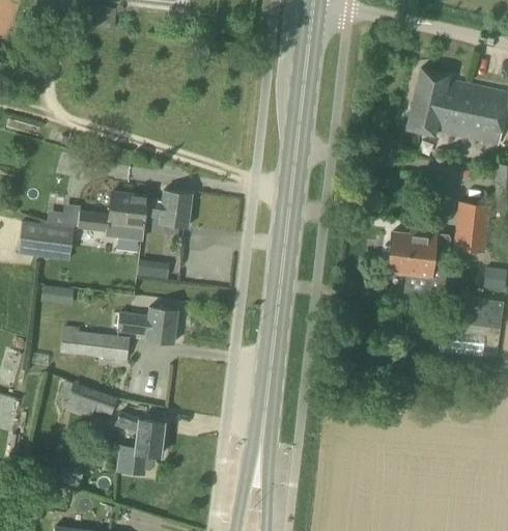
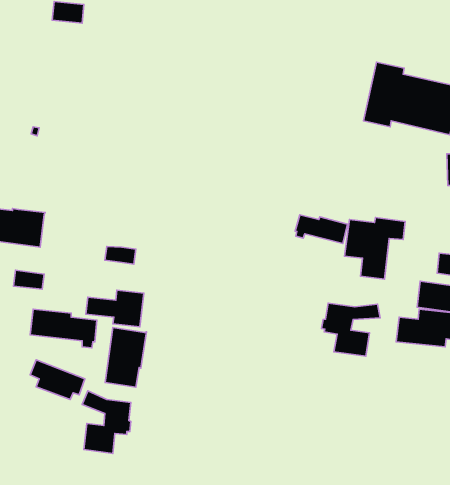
building: [77,190,192,242] -> none
building: [453,202,489,252] -> none
building: none -> [295,215,348,243]
building: none -> [322,303,380,356]
building: none -> [105,327,147,387]

